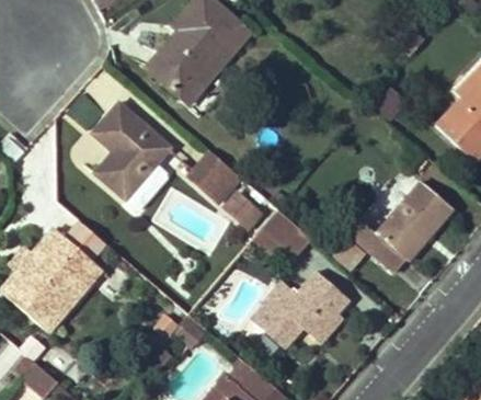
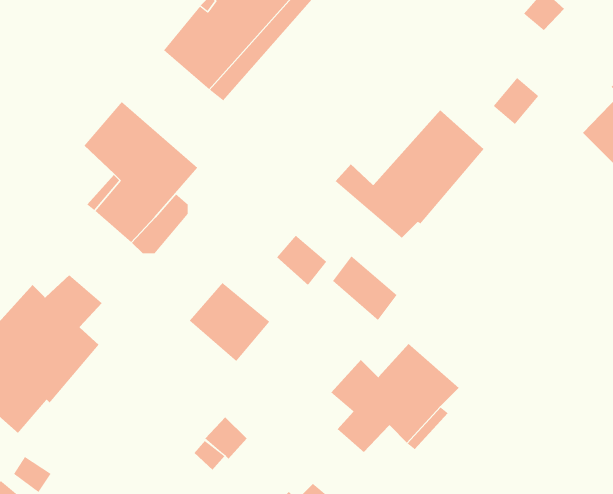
building: [184,150,240,205] -> [189,282,270,362]
building: [348,182,451,271] -> [335,110,485,238]

